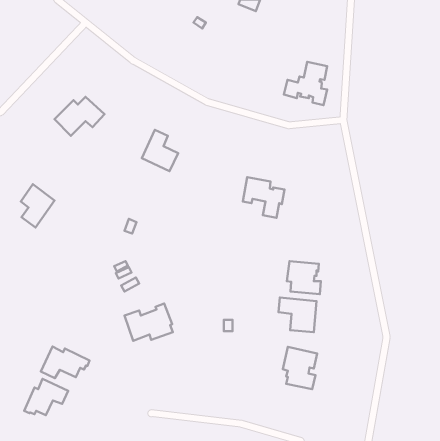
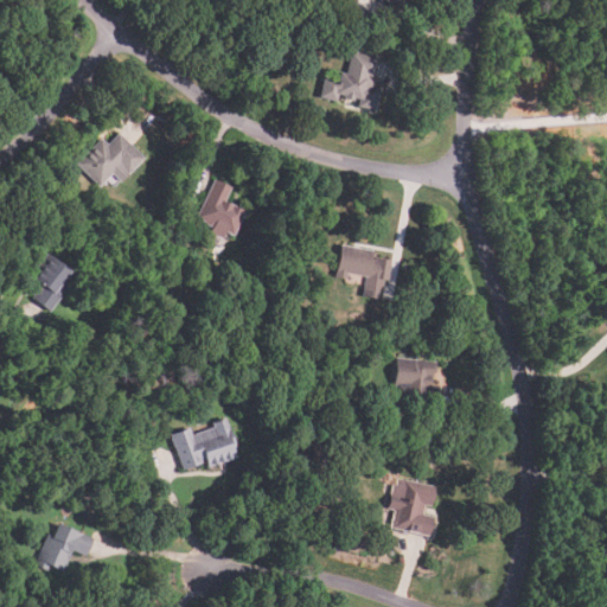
building: [284,62,327,105] -> [320,51,379,110]
building: [278,298,317,332] -> none
building: [41,346,90,378] -> none

